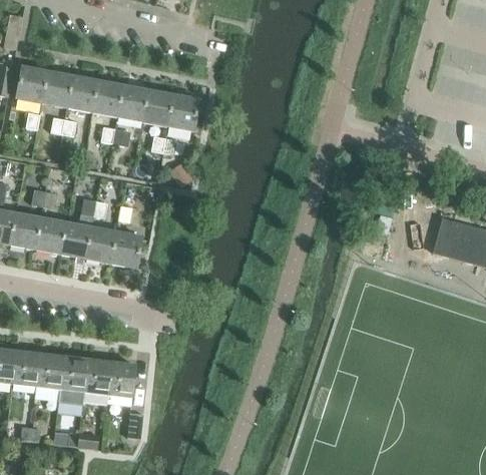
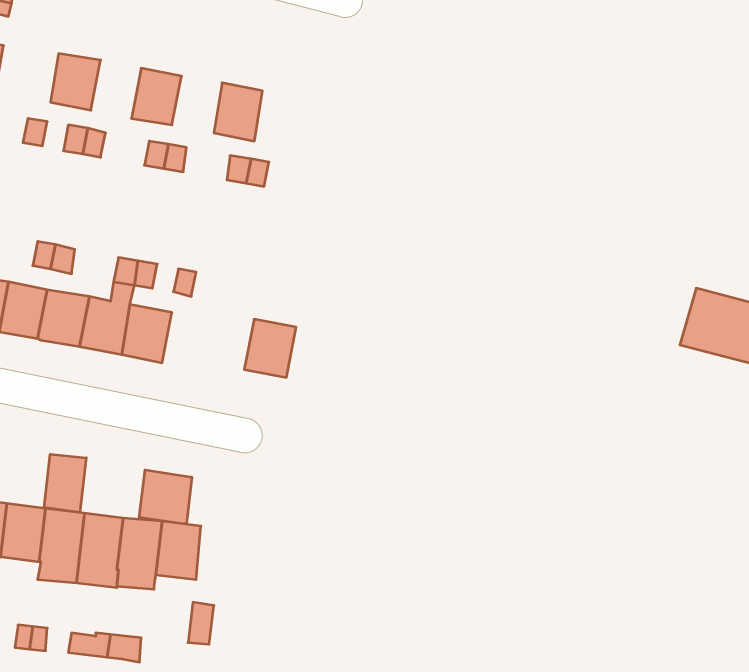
building: [16,66,47,101] -> none
building: [67,75,98,111] -> none
building: [117,85,148,120] -> none
building: [168,94,199,129] -> none
building: [111,231,143,268] -> [244,319,296,377]
building: none -> [44,454,86,513]
building: none -> [139,470,192,524]

